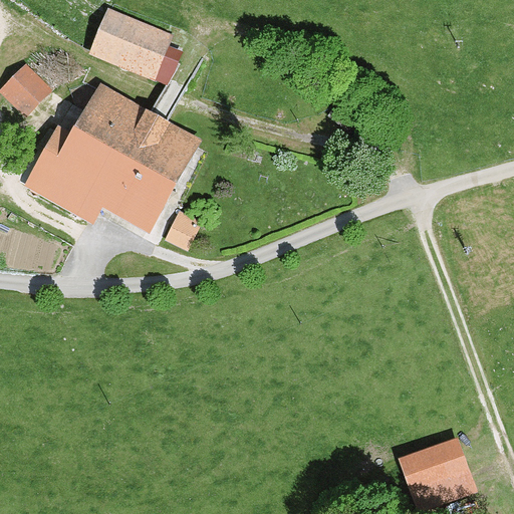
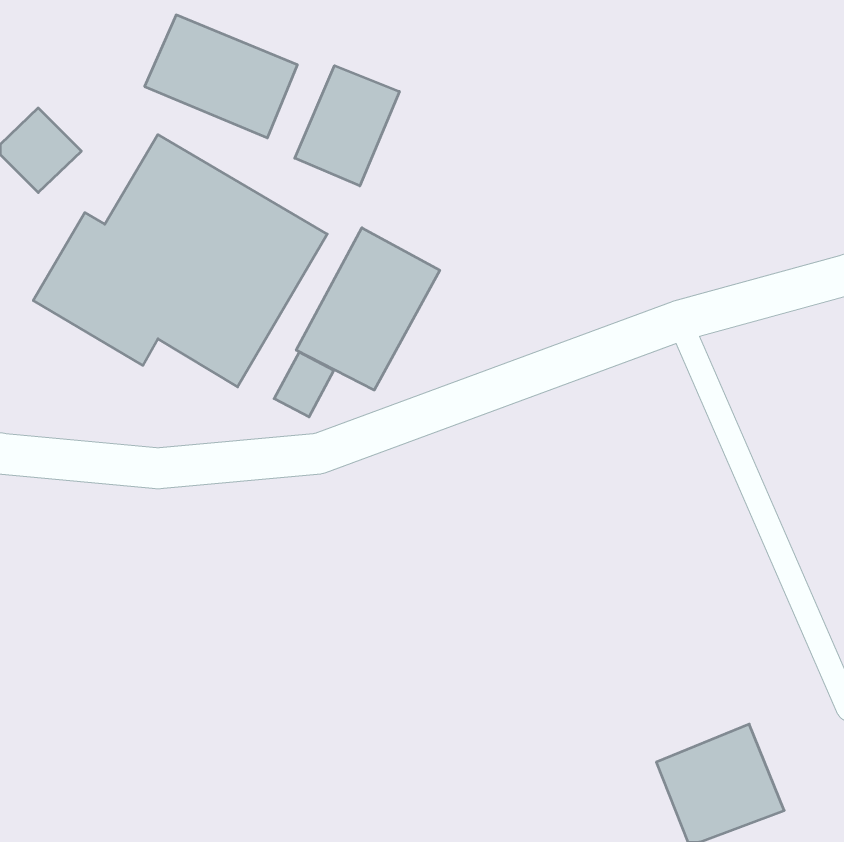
building: none -> [295,66,399,186]
building: none -> [296,228,440,390]

